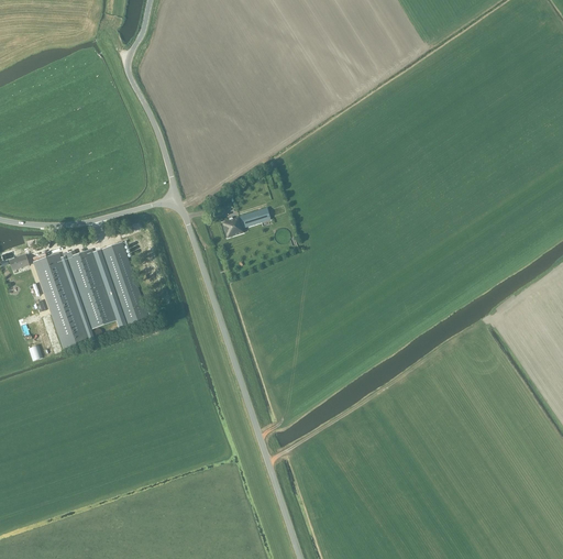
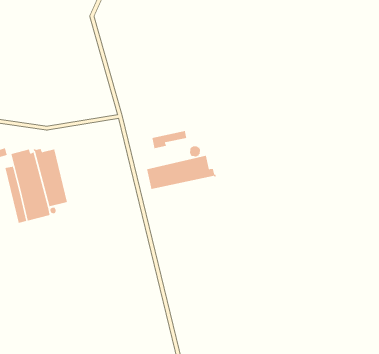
building: none -> [146,155,217,190]
building: [101,239,152,327] -> none

